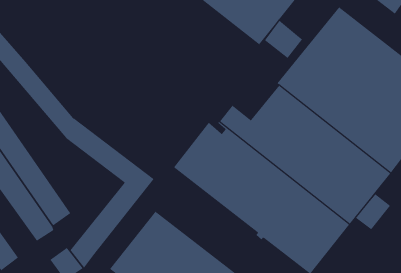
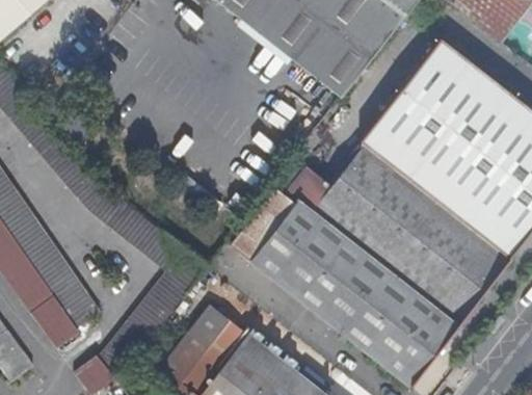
building: [264,20,303,59] -> none
building: [355,194,391,230] -> none

